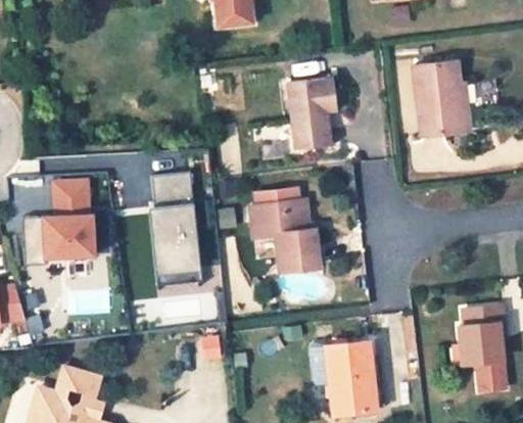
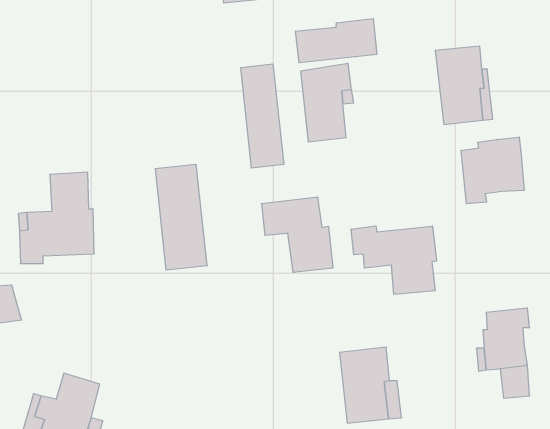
building: none -> [296,19,377,63]
building: none -> [241,64,284,168]
building: none -> [461,137,524,204]
building: none -> [351,226,437,294]

